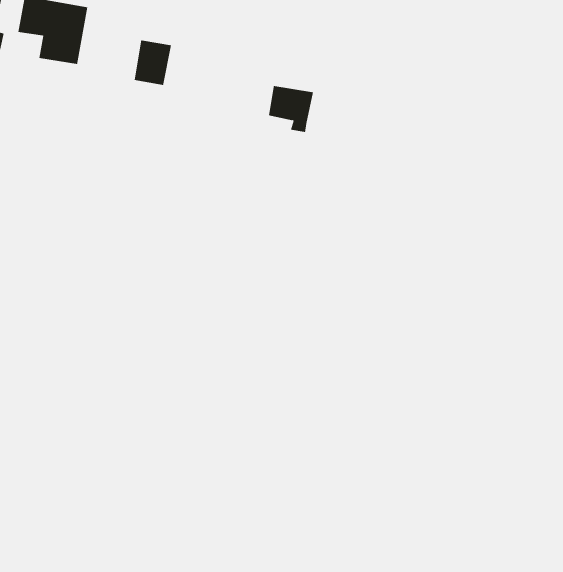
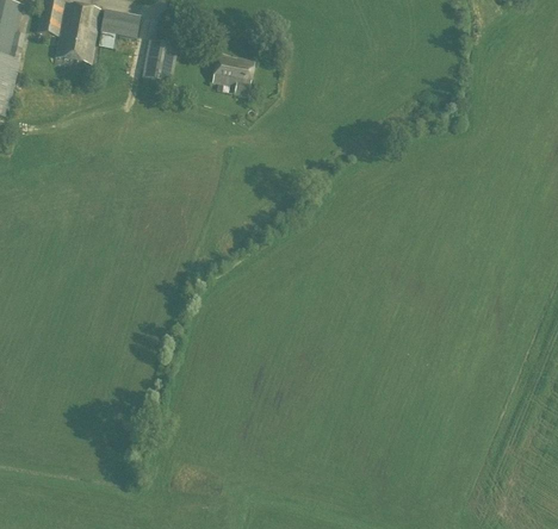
building: none -> [97,7,136,36]
building: [268,86,314,133] -> [210,51,252,94]

